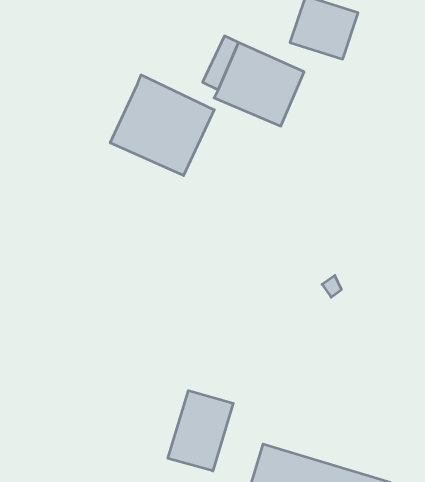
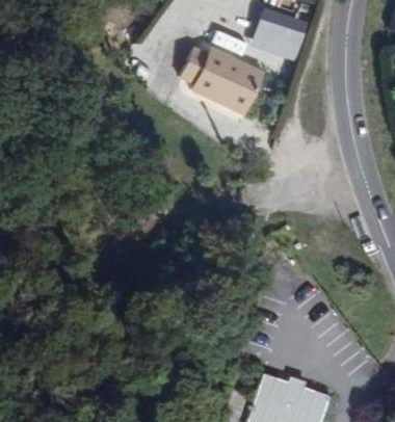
building: [110,75,214,176] -> none
building: [168,391,233,471] -> none

